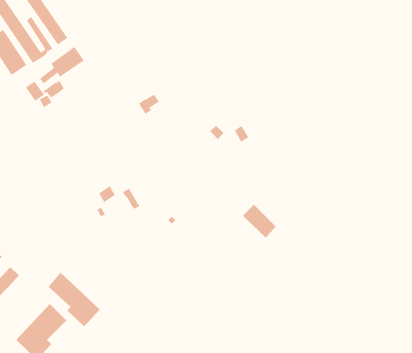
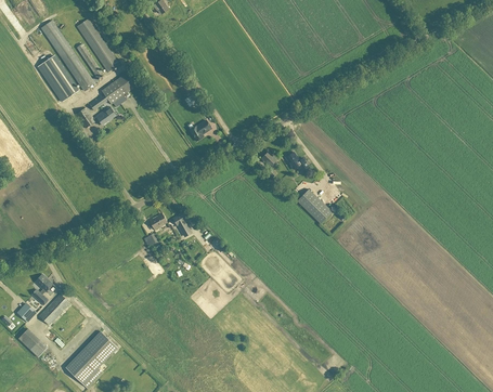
building: [242,204,277,238] -> [296,188,330,223]
building: [48,272,100,327] -> none

